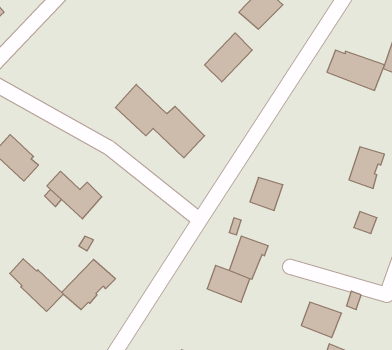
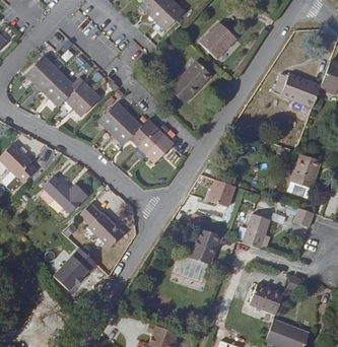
building: none -> [23,56,98,116]
building: none -> [244,214,272,249]
building: [10,259,64,311] -> [79,203,124,247]

